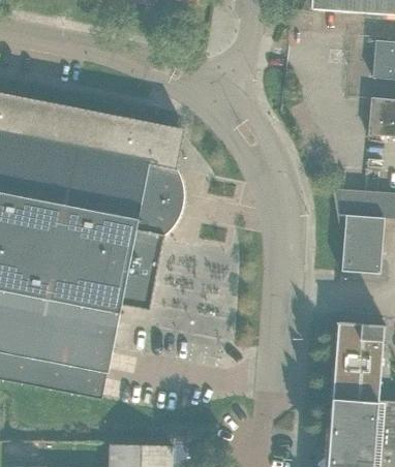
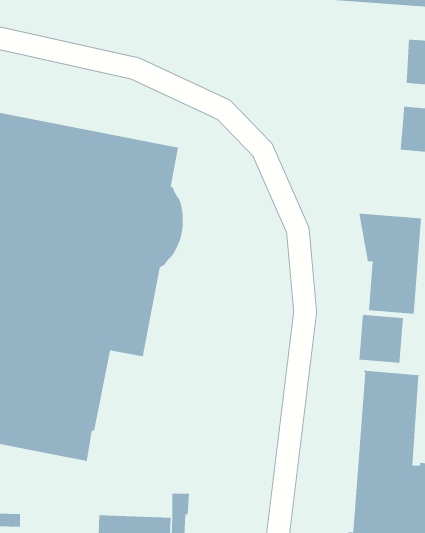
building: none -> [359,314,403,364]

